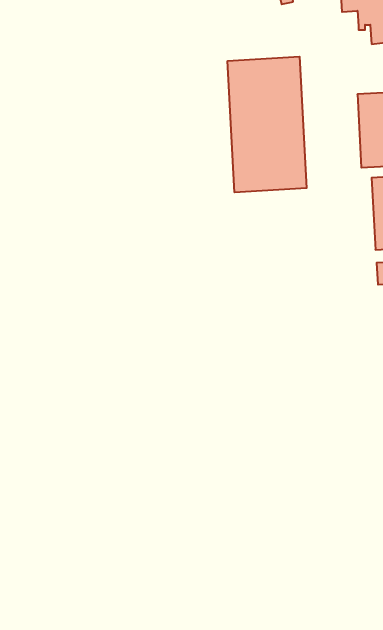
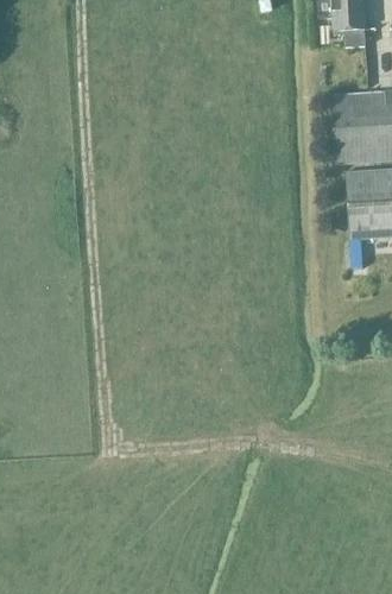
building: [228,57,307,192] -> none

